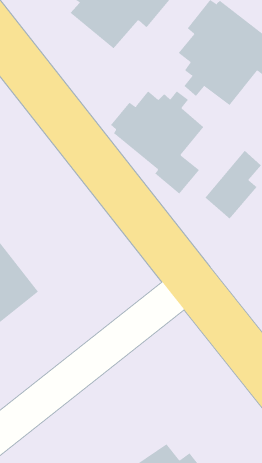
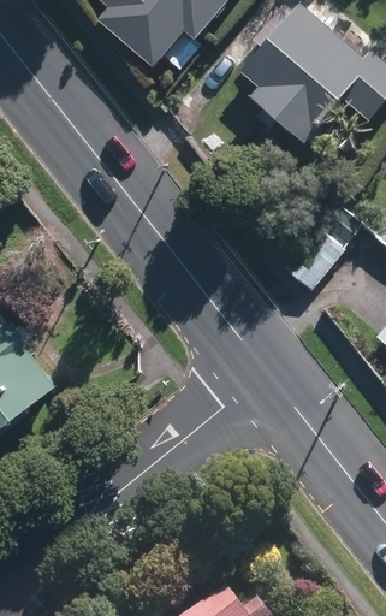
building: [110,90,204,194] -> none

